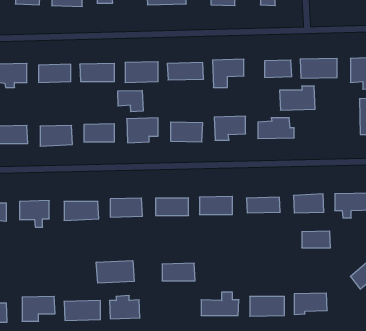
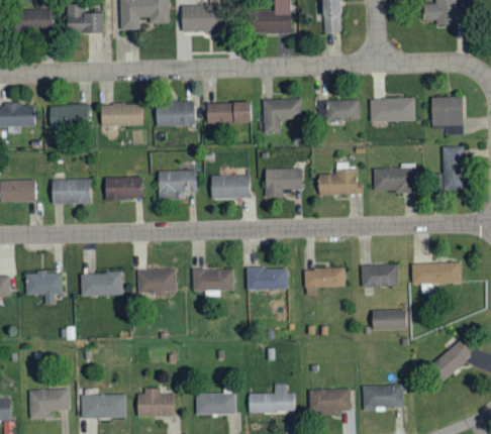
building: [280,86,315,110] -> [374,164,417,193]
building: [118,90,143,112] -> none
building: [96,261,134,283] -> none
building: [162,263,195,281] -> [196,393,236,414]

